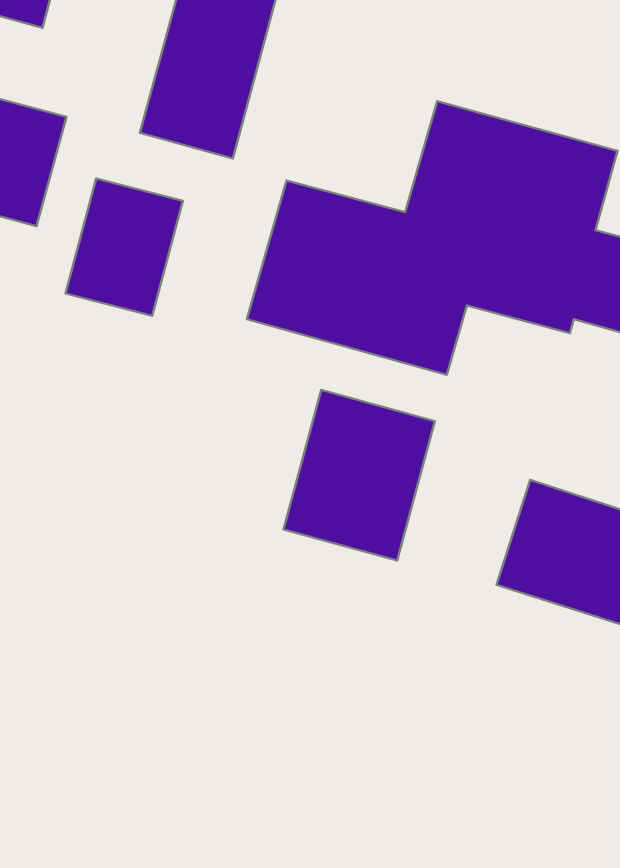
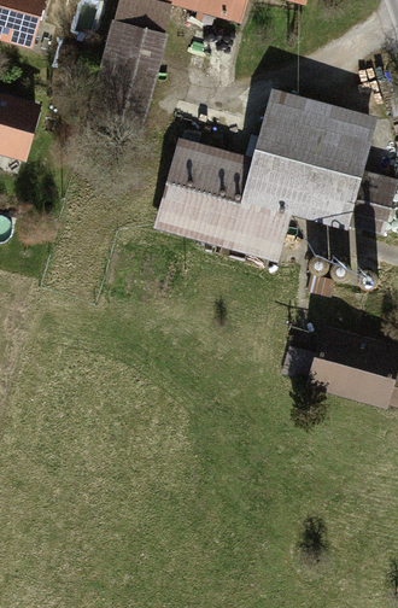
building: [66,178,183,316] -> none
building: [283,390,435,561] -> none

